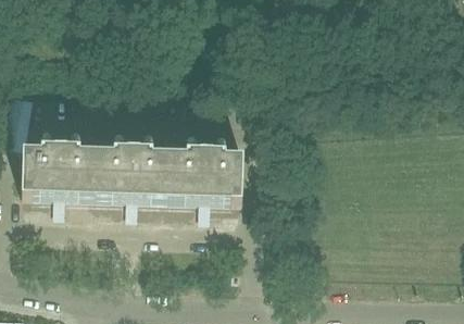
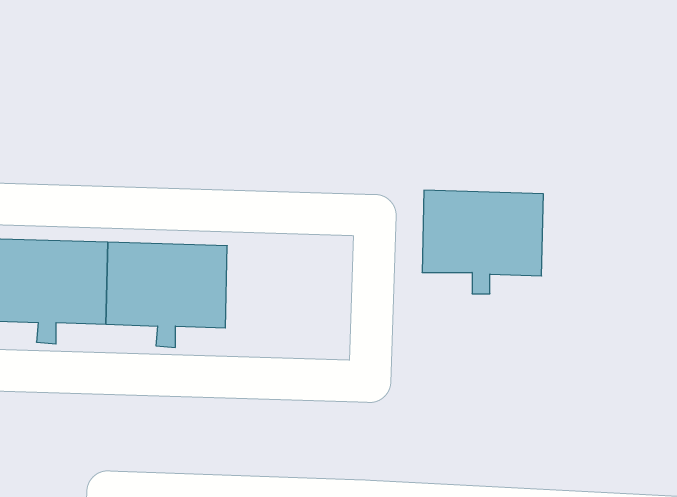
building: [167,153,241,216] -> [422,190,543,294]

